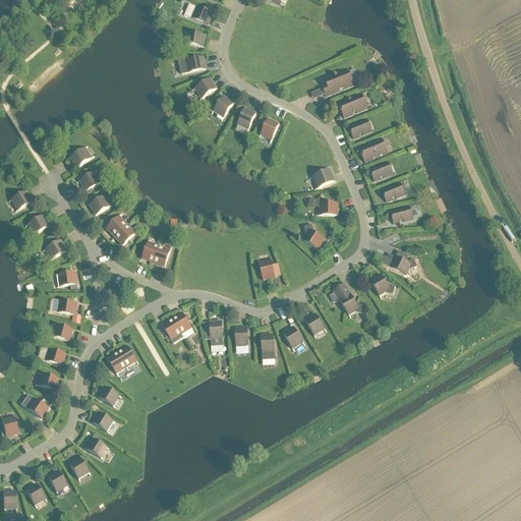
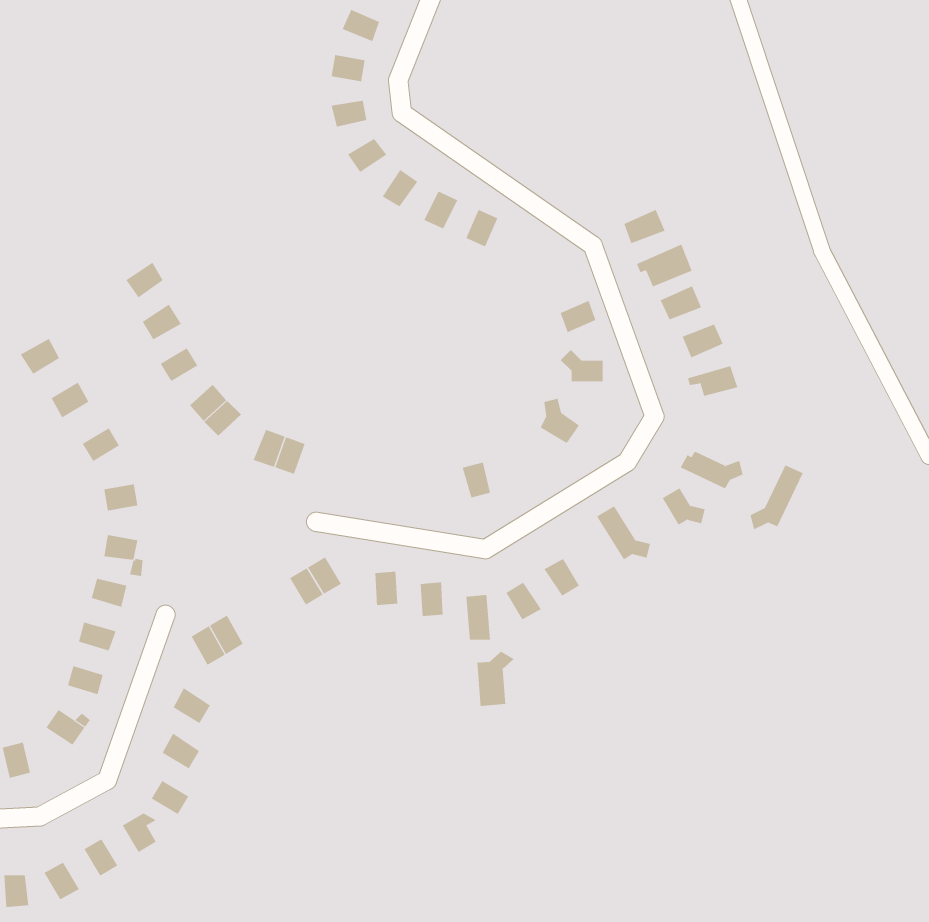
building: [323,67,354,95] -> none
building: [336,92,367,116] -> none
building: none -> [750,464,804,530]
building: none -> [477,651,515,707]

